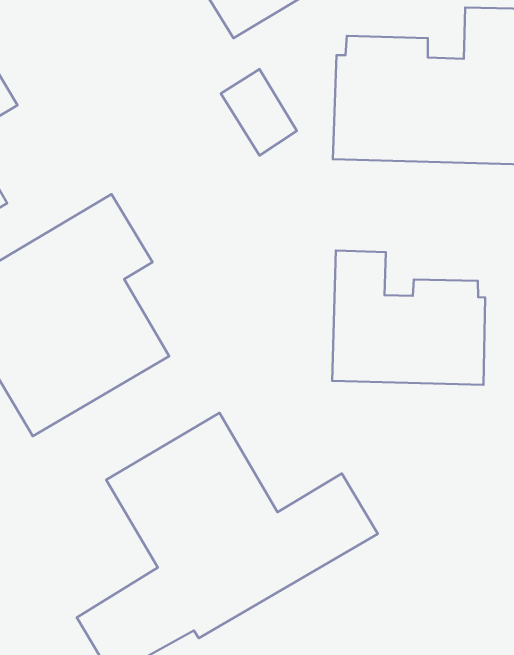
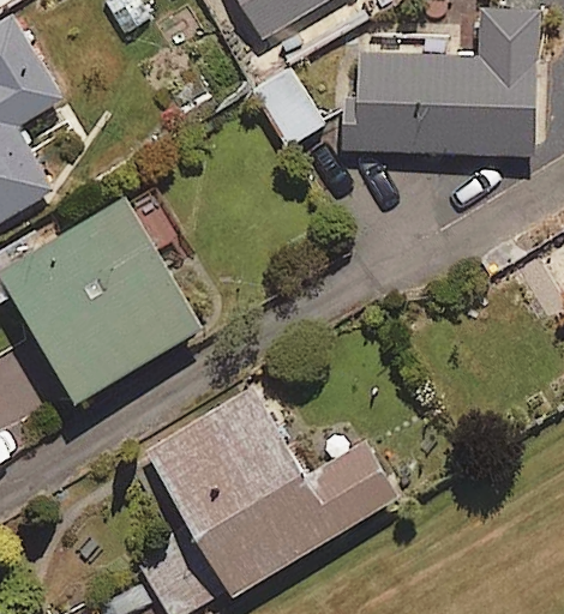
building: [332,250,485,385] -> none

